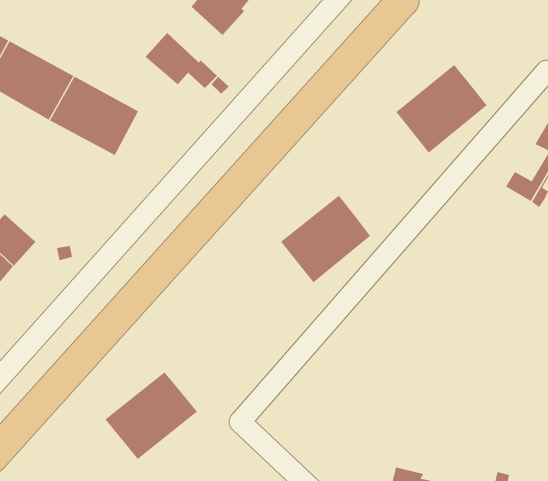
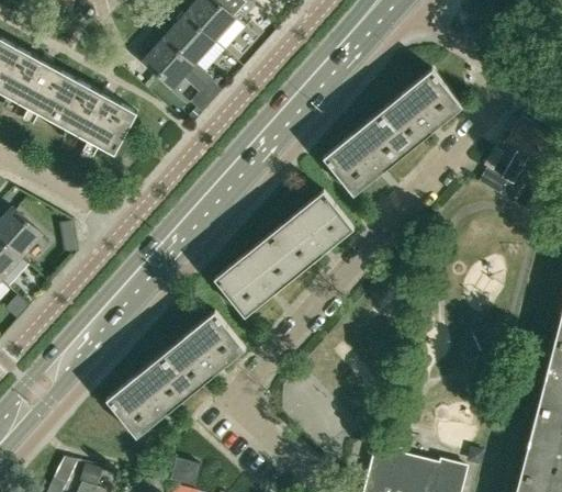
building: none -> [164,15,215,67]
building: none -> [322,114,407,197]
building: none -> [214,235,300,317]
building: none -> [161,312,246,393]

